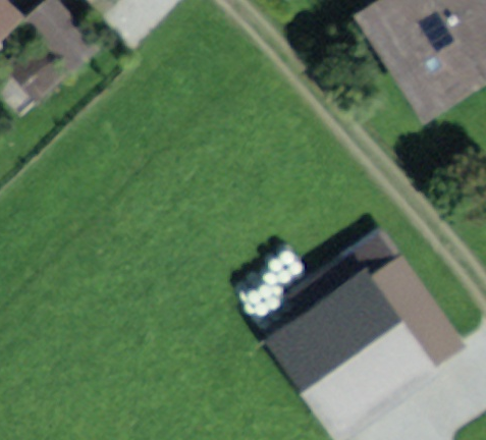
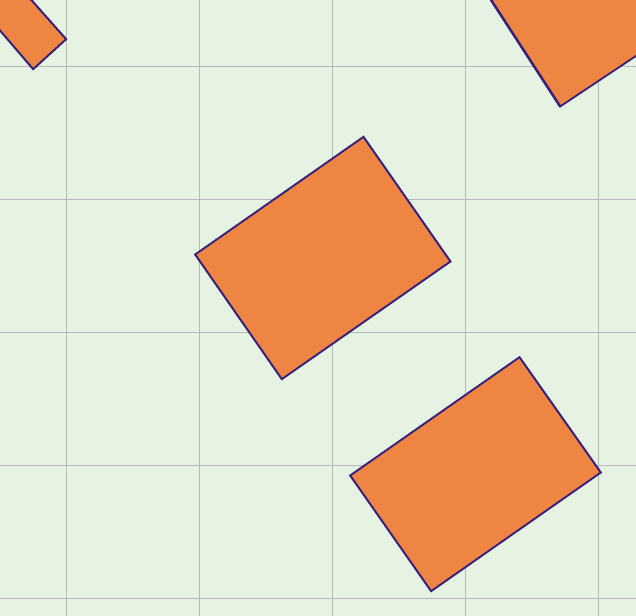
building: none -> [195,137,451,379]

